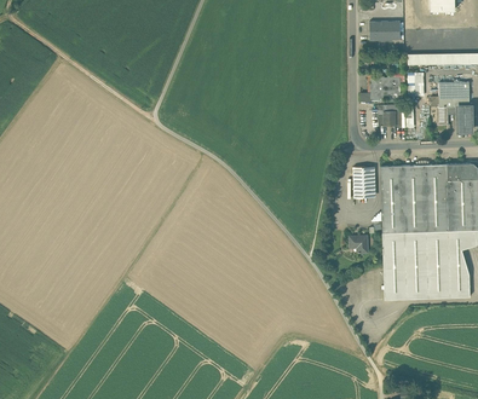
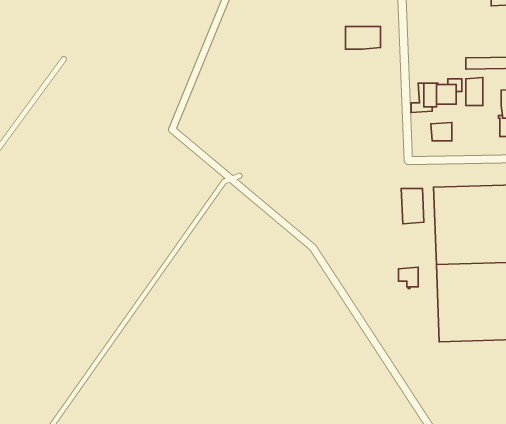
building: [370,21,401,40] -> [345,27,381,49]

